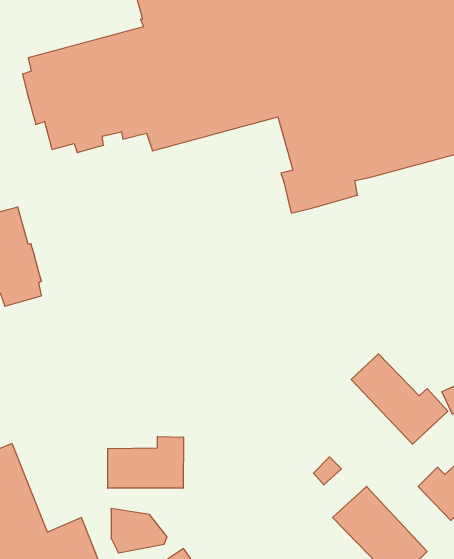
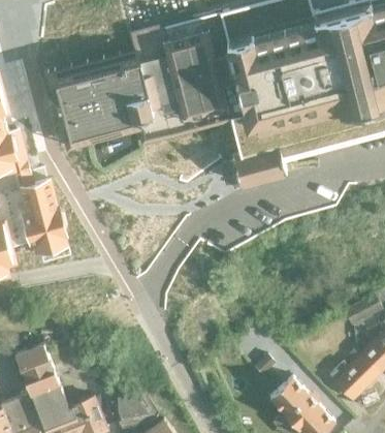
building: [351,354,448,444] -> none
building: [108,436,183,488] -> none

